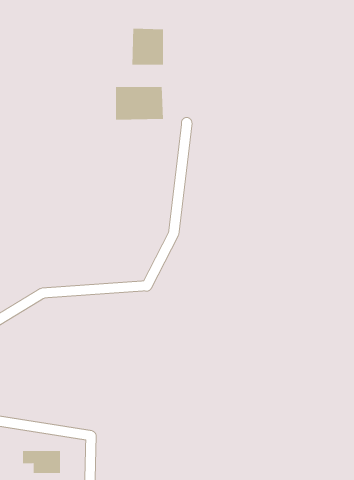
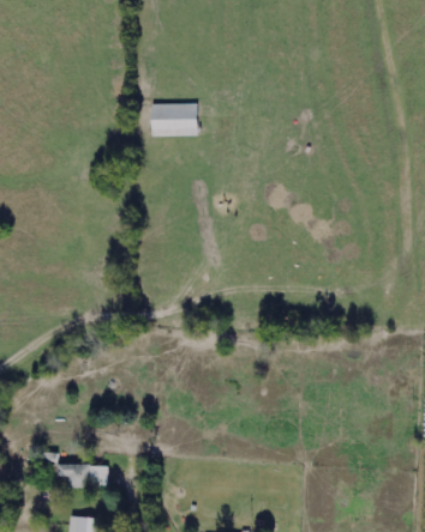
building: [132,28,163,65] -> none

